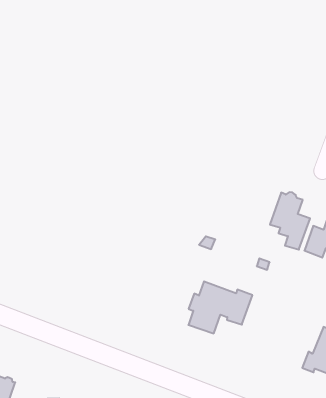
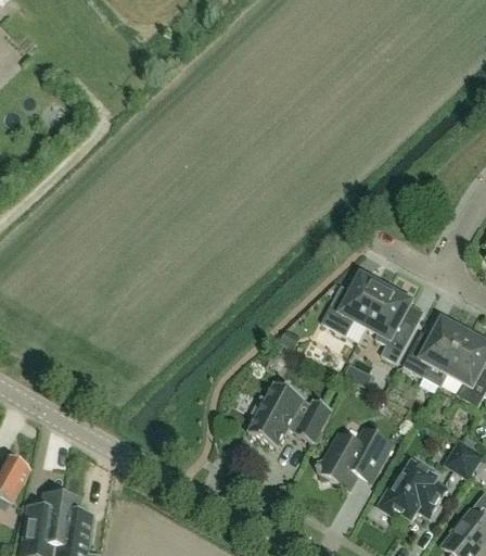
building: none -> [323,275,387,333]
building: none -> [318,429,393,486]

